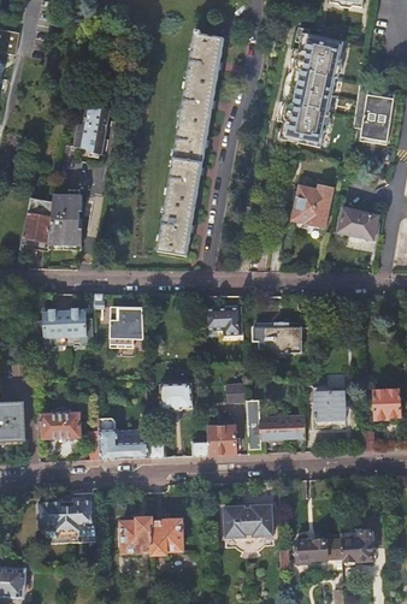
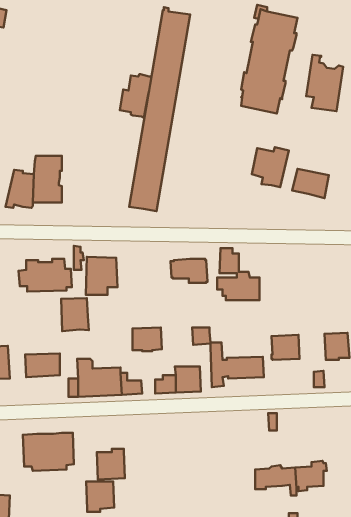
building: [75,105,110,153] -> [120,74,151,118]
building: none -> [61,298,89,331]
building: [223,504,272,537] -> none
building: [151,520,182,553] -> [86,482,114,512]

